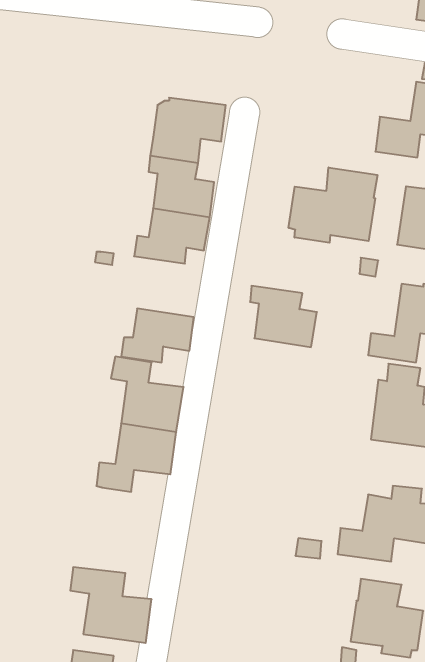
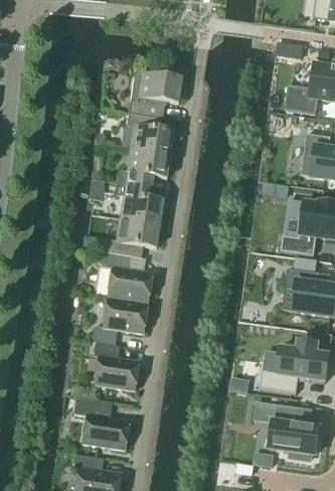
building: [289,167,377,243] -> none
building: [250,286,317,347] -> [117,181,163,223]
building: none -> [95,341,138,389]

